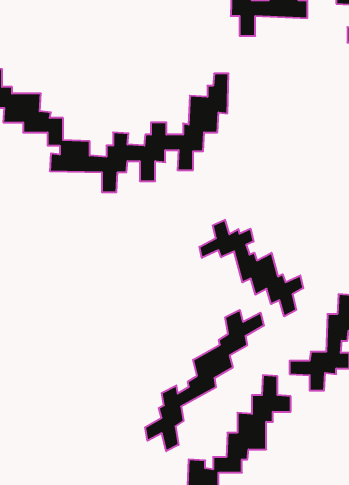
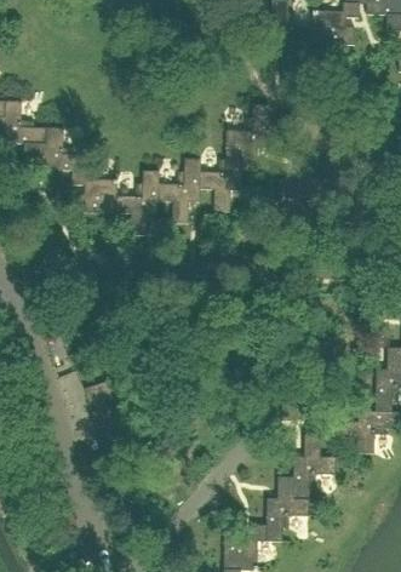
building: [199,220,303,316] -> none
building: [145,310,264,451] -> none

